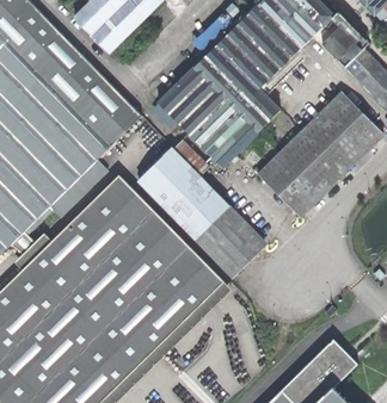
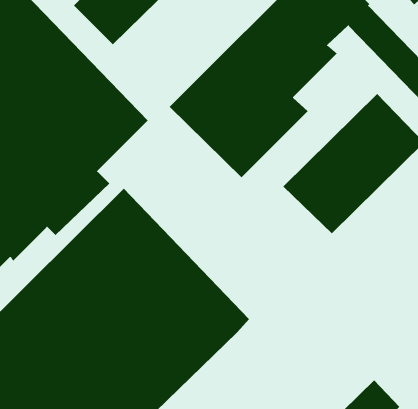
building: [137,138,265,278] -> none

